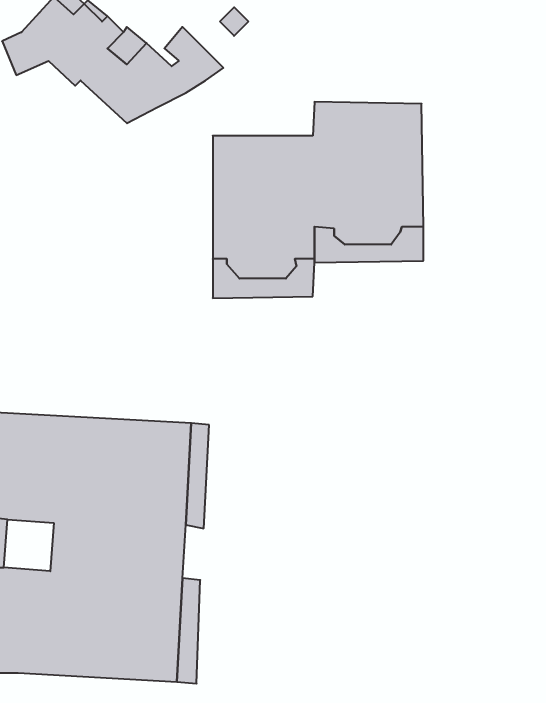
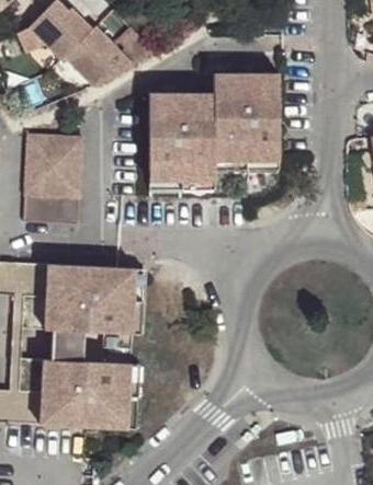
building: none -> [26,135,83,226]

